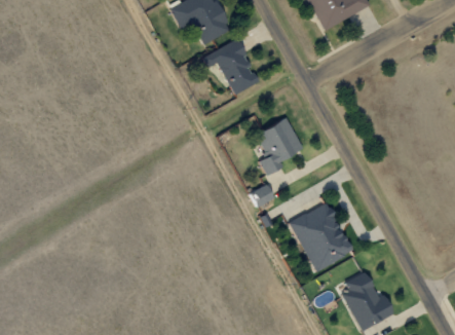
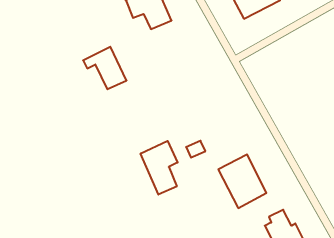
building: [203,40,259,95] -> [83,47,127,89]
building: [256,117,303,176] -> none
building: none -> [141,141,178,195]

